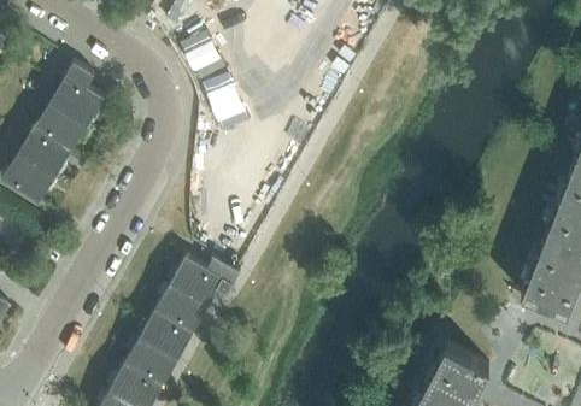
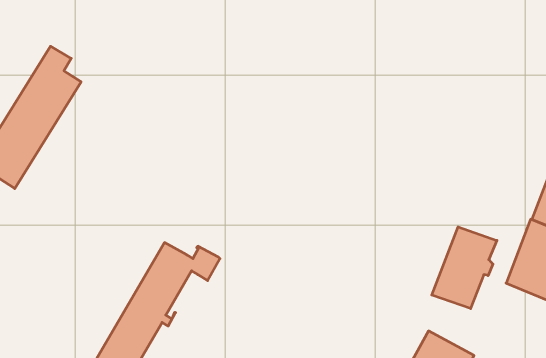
building: none -> [432,227,497,309]

